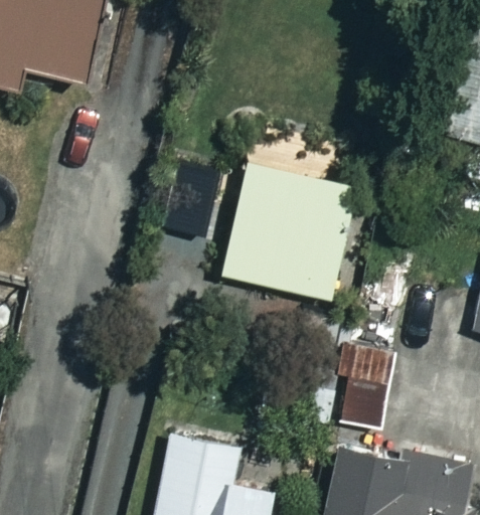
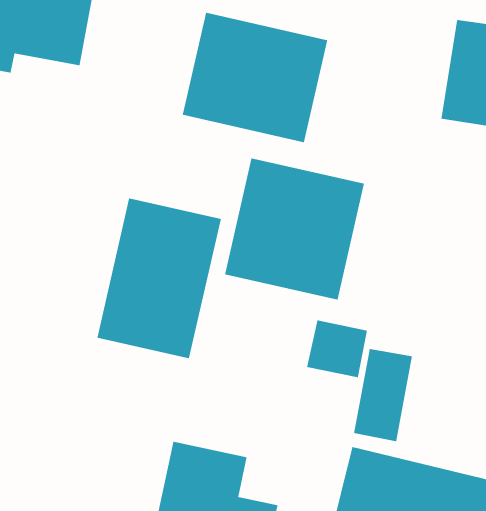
building: none -> [182,12,328,143]
building: none -> [96,197,222,359]

